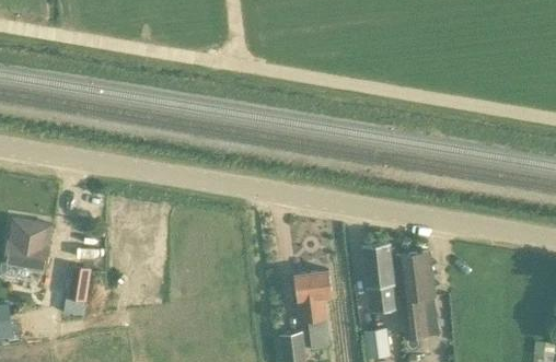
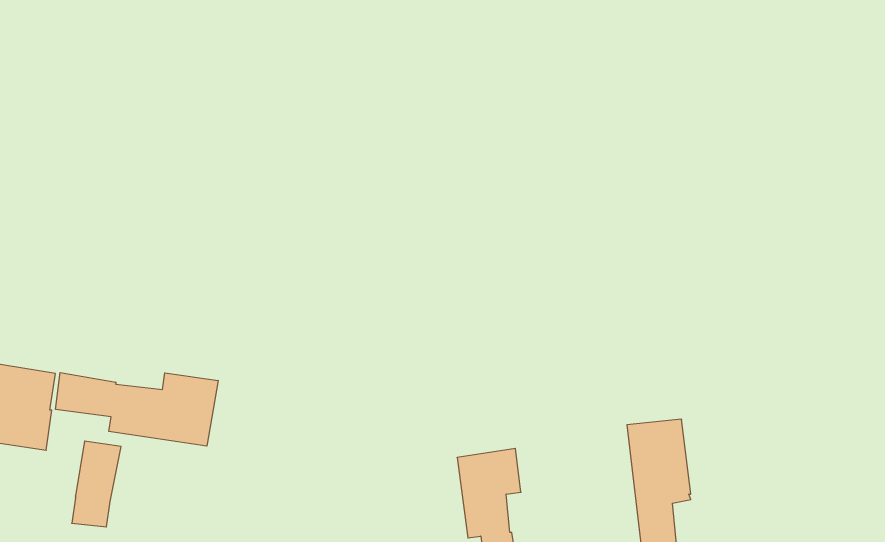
building: none -> [56,373,218,446]
building: [362,245,397,313] -> none

